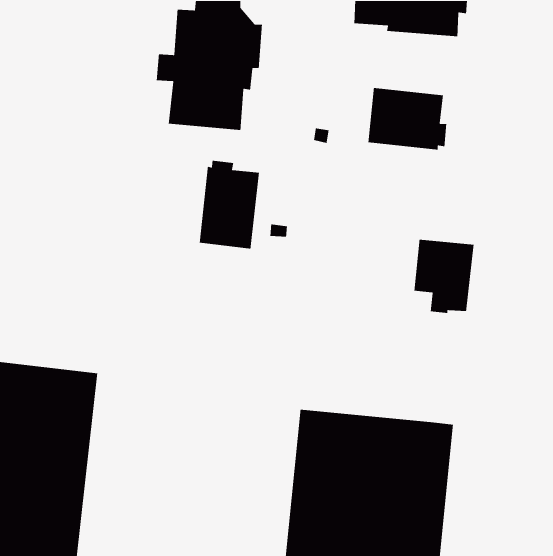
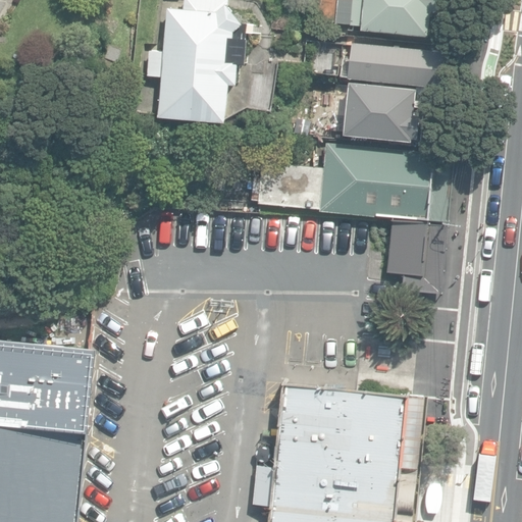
building: none -> [338,44,443,89]
building: none -> [248,145,450,223]
building: [199,160,260,250] -> none

